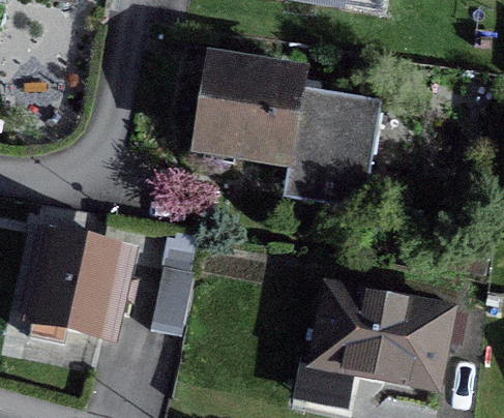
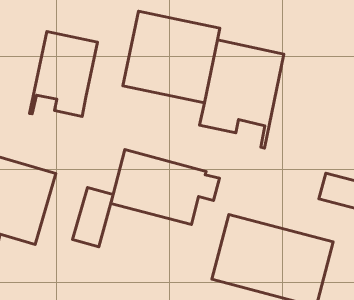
building: none -> [29,32,98,116]
building: none -> [111,149,220,224]

